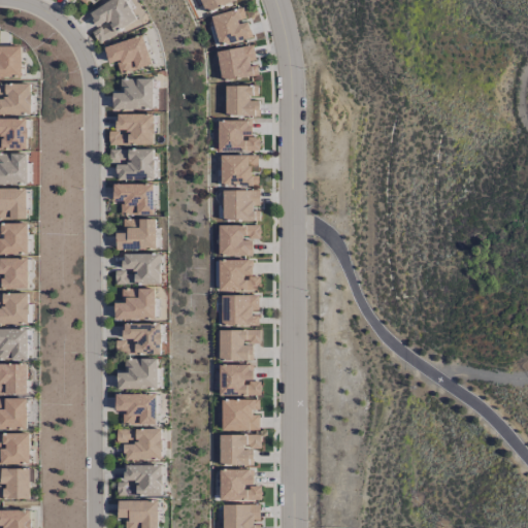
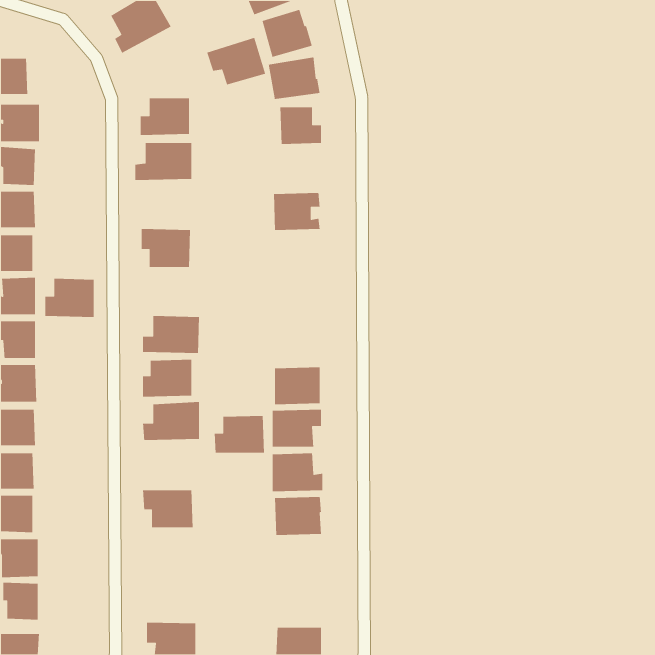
building: [103,35,152,74] -> [206,37,266,86]
building: [218,120,259,152] -> none
building: [109,148,155,179] -> none
building: [222,190,259,221] -> none
building: [116,219,156,251] -> [45,278,95,318]
building: [218,225,260,256] -> none
building: [218,260,259,291] -> none
building: [117,358,158,389] -> [214,415,265,453]
building: [116,429,162,460] -> none
building: [219,434,260,465] -> none
building: [117,465,162,496] -> none
building: [219,469,261,501] -> none

